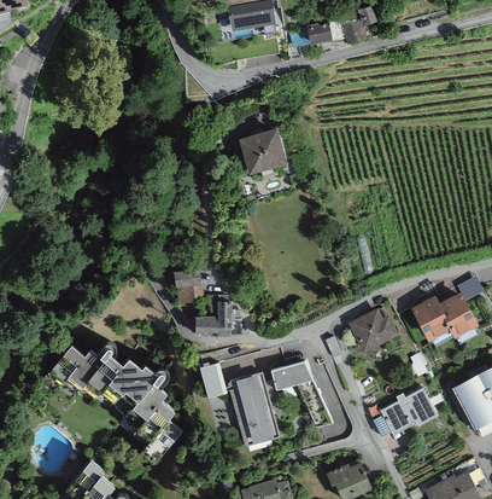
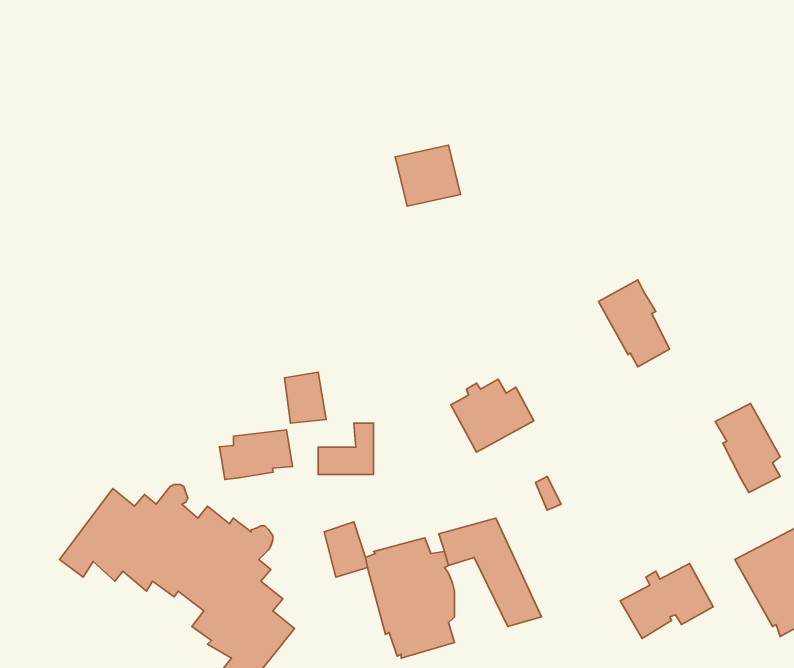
building: [411,295,455,348] -> [598,280,670,367]
building: none -> [220,430,293,479]
building: [348,308,399,353] -> [451,379,534,452]

